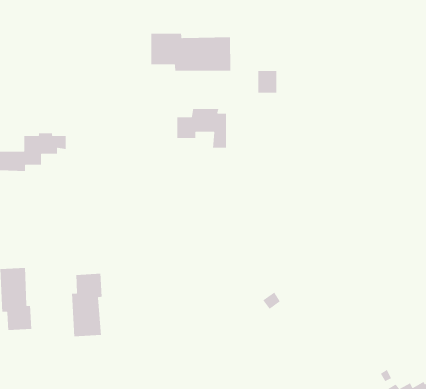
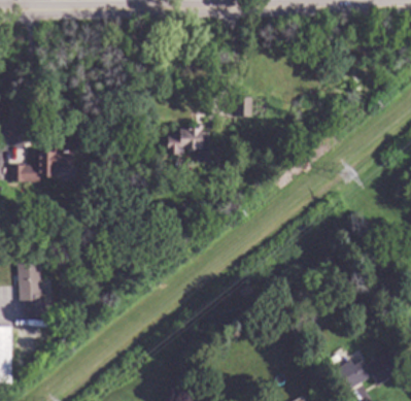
building: [150,33,231,71] -> none
building: [71,273,103,337] -> none

